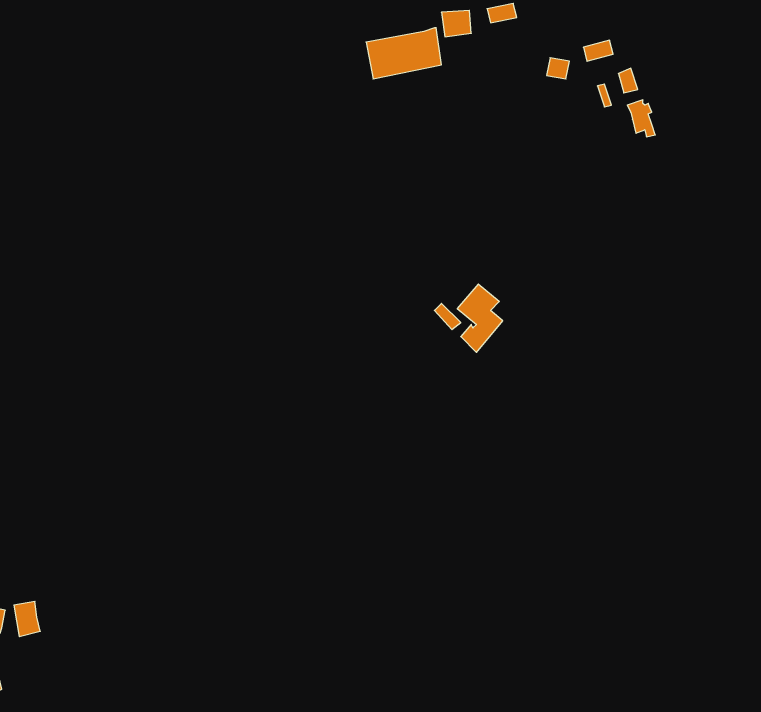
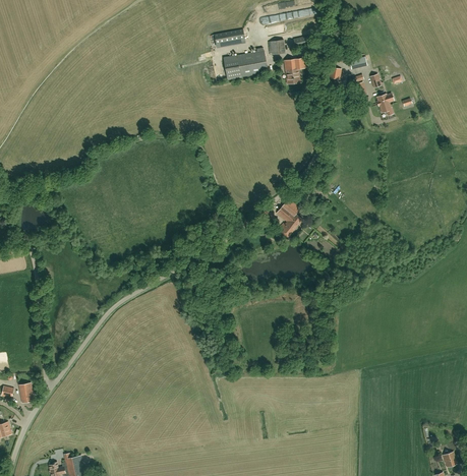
building: none -> [283,58,305,83]

